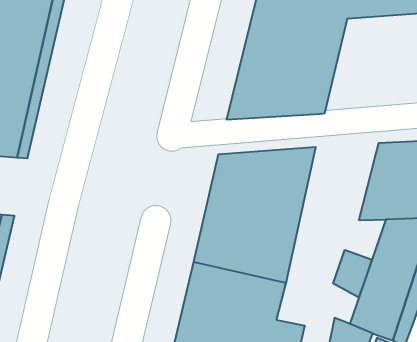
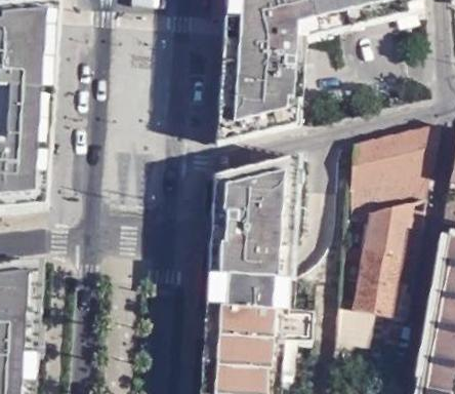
building: [333,250,372,298] -> none

